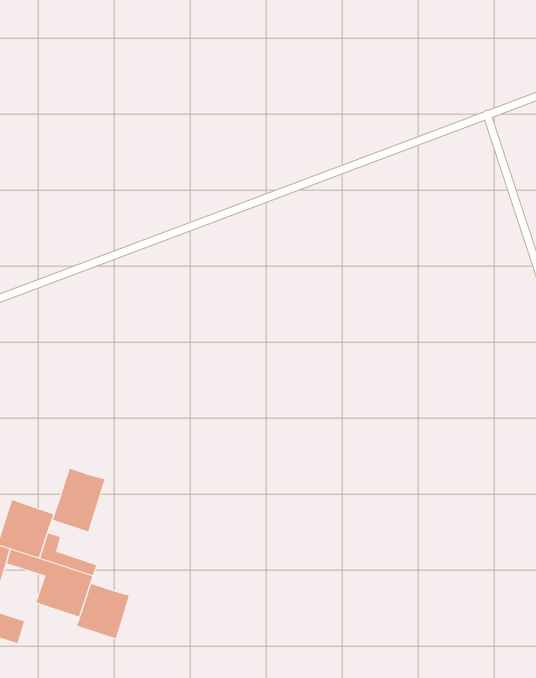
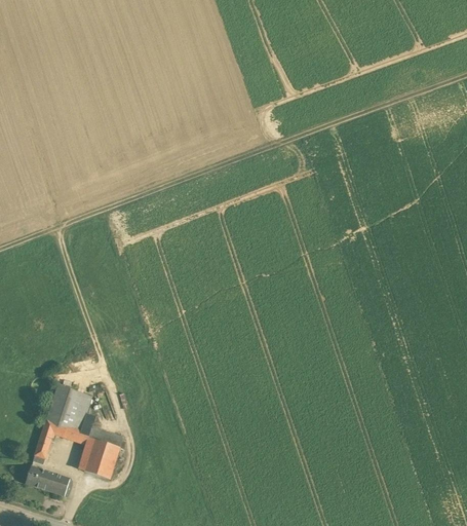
building: [52,468,105,532] -> none
building: [77,583,130,639] -> none

